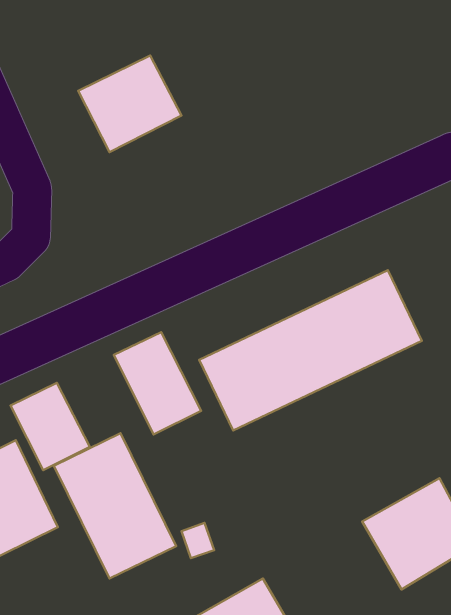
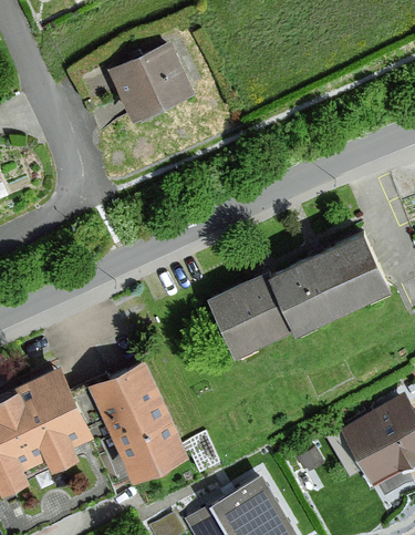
building: [114,332,201,434] -> none
building: [11,383,90,470] -> none

